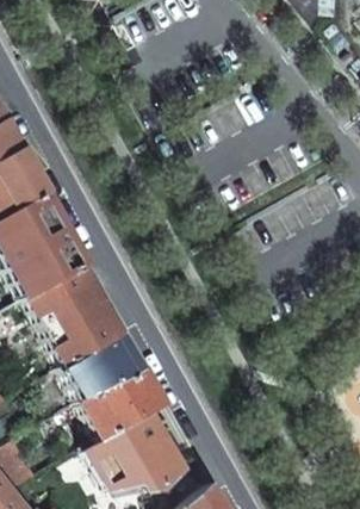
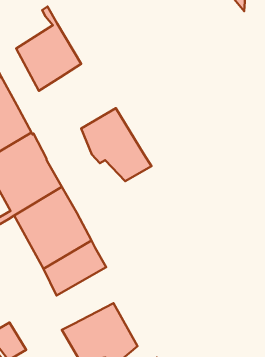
building: none -> [16,7,81,91]
building: none -> [81,108,151,181]
building: [79,367,166,441] -> none

